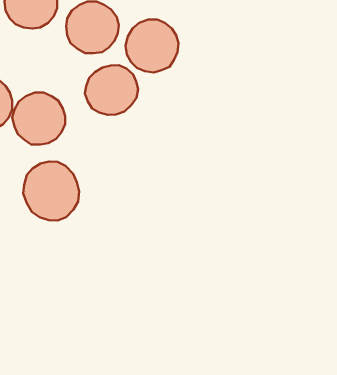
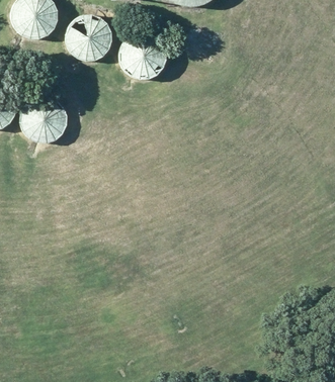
building: [85,65,138,115] -> none
building: [23,161,79,221] -> none

